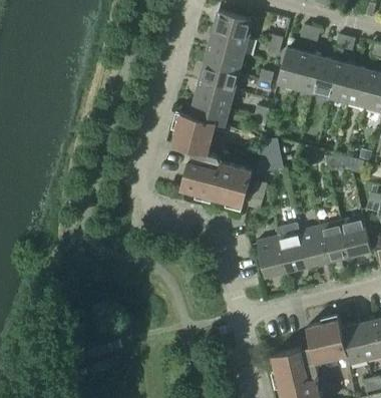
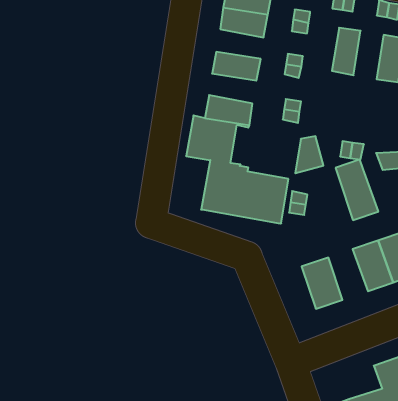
building: [205,45,244,72] -> none
building: [278,48,305,87] -> none
building: [313,57,340,97] -> none
building: [196,80,235,107] -> none
building: [277,224,308,272] -> [336,159,378,220]

